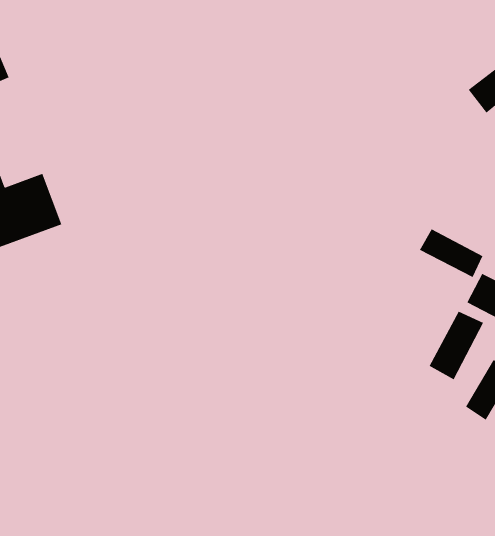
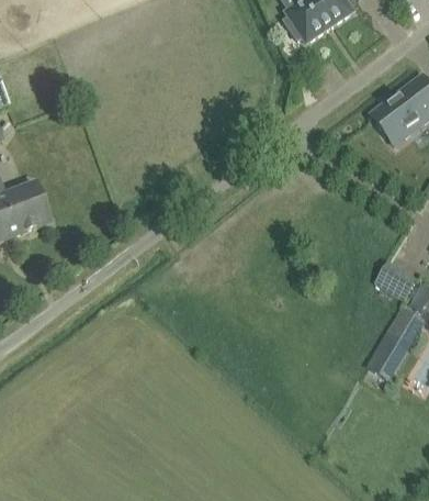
building: [419,228,483,278] -> none
building: [429,311,484,380] -> none

